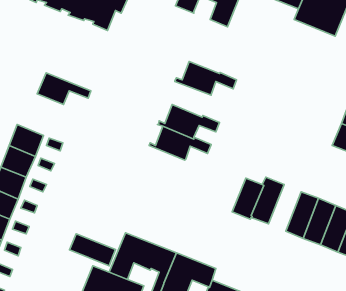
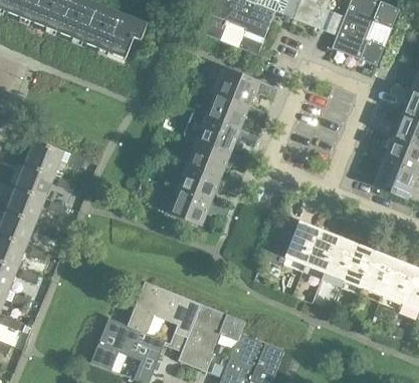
building: none -> [209,64,277,105]
building: [37,73,91,105] -> [25,138,84,173]
building: none -> [190,116,258,153]
building: none -> [158,183,229,225]
building: none -> [302,228,339,279]
building: [70,234,115,266] -> none

